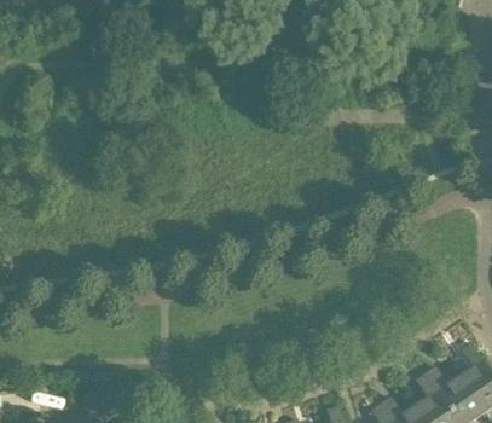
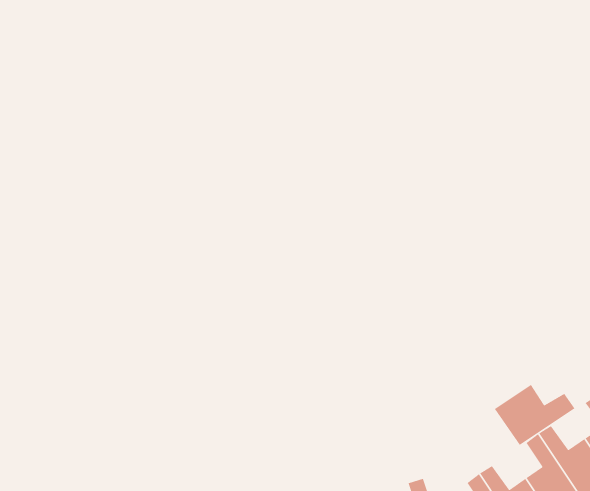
building: none -> [494,384,575,446]

